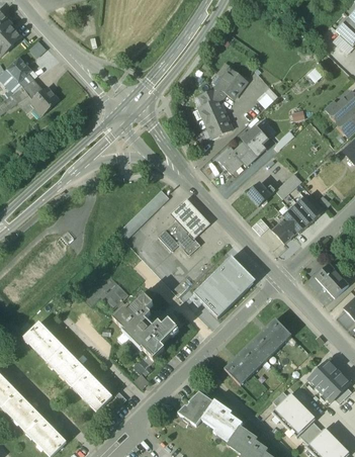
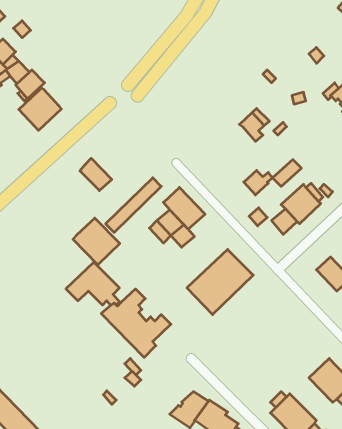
building: [199,65,247,138] -> none
building: none -> [19,88,61,130]
building: [219,141,258,173] -> none
building: none -> [80,158,112,191]
building: none -> [73,218,120,265]
building: [225,317,291,384] -> none
building: [24,322,112,410] -> none

